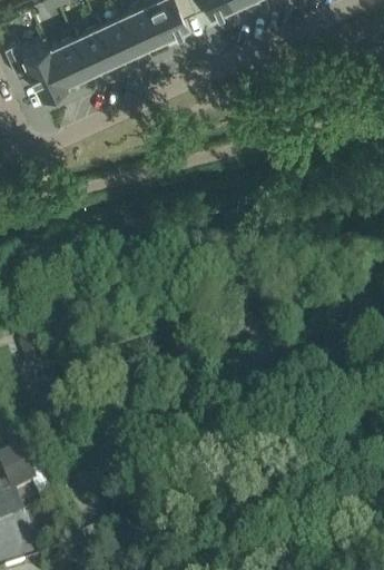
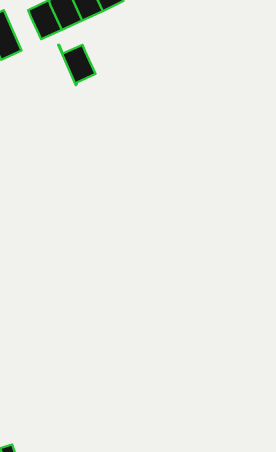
building: [43,42,88,90] -> [58,45,96,85]

